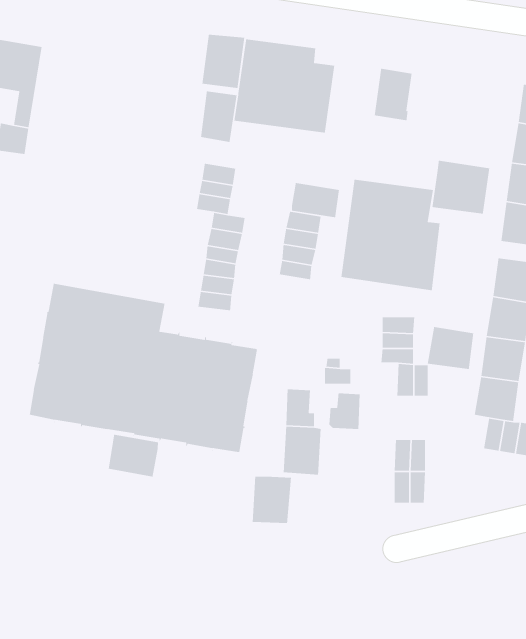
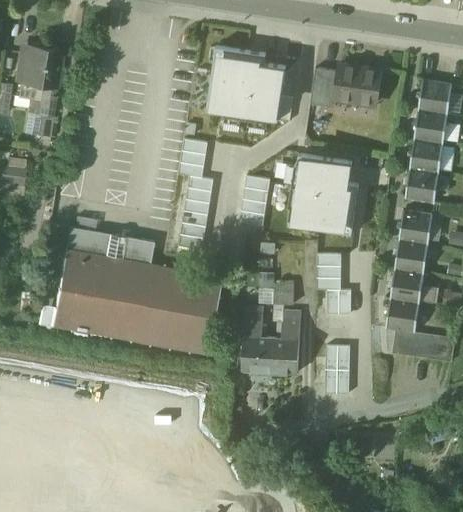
building: [202,34,245,89] -> none
building: [200,91,237,143] -> none
building: [432,160,490,215] -> [335,64,379,105]
building: [291,182,340,218] -> none
building: [427,326,474,370] -> none
building: [108,434,159,477] -> none
building: [252,476,292,524] -> [269,338,299,374]

